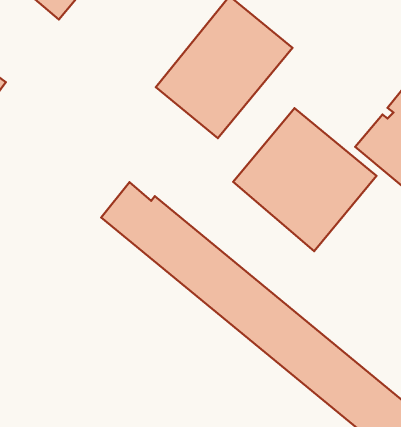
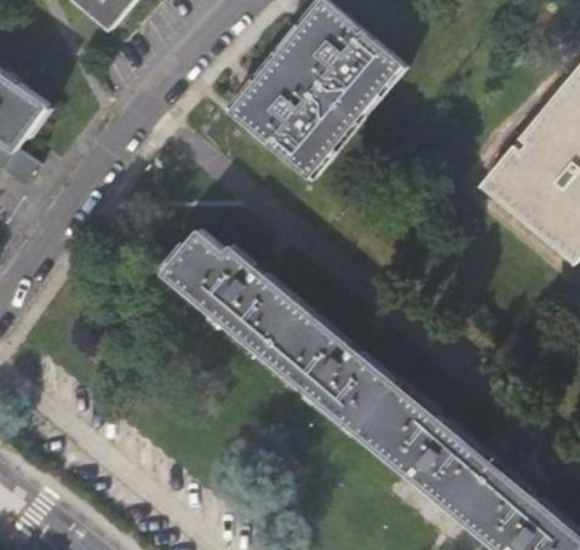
building: [233,108,376,251] -> none

